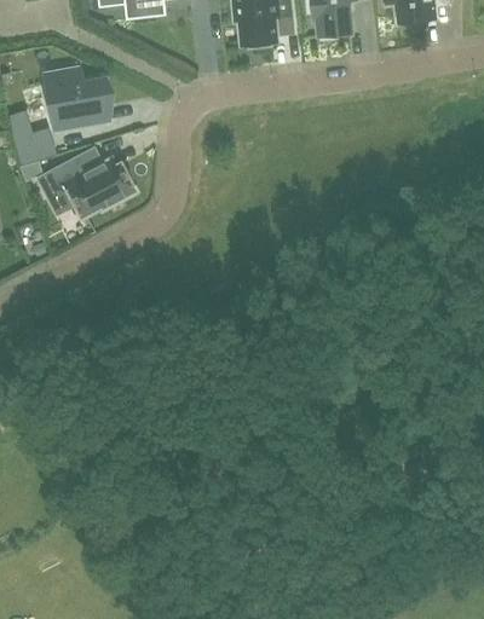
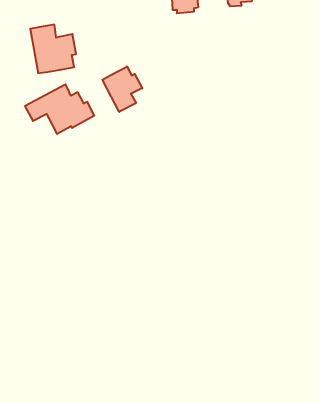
building: none -> [102,66,142,112]
building: [13,129,54,163] -> none

